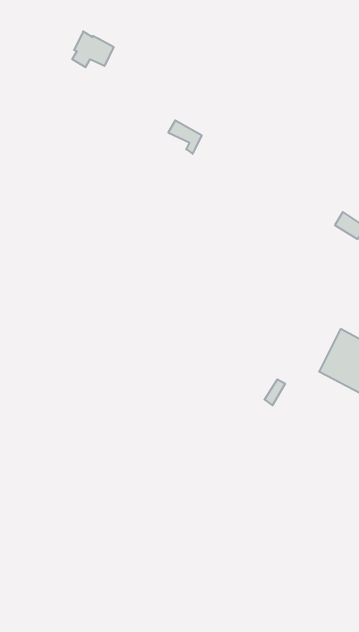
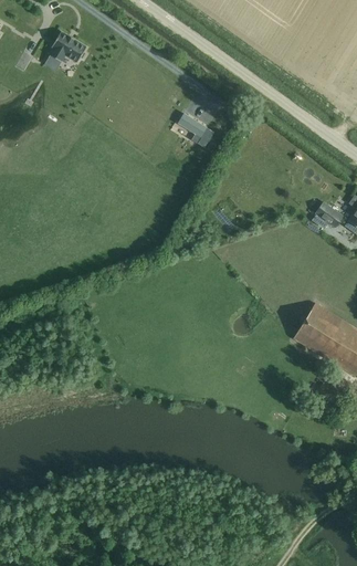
building: [72,31,114,67] -> [50,31,86,62]

